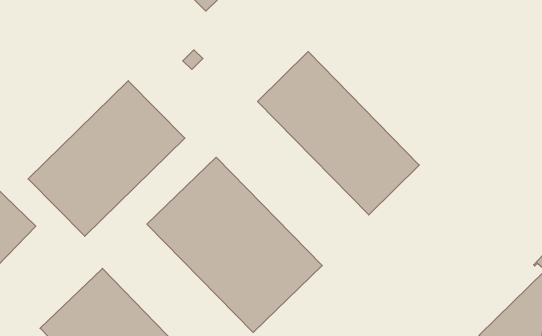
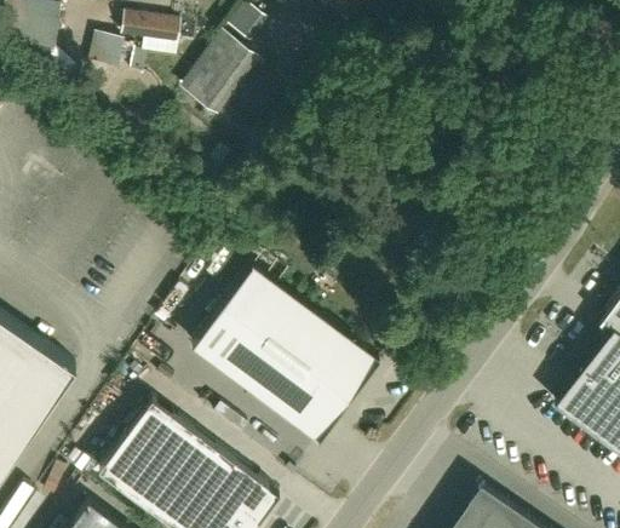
building: [258,52,419,215] -> none
building: [28,81,185,236] -> none

